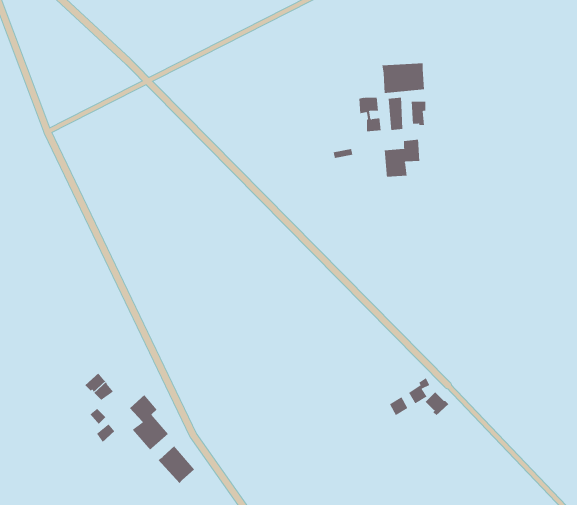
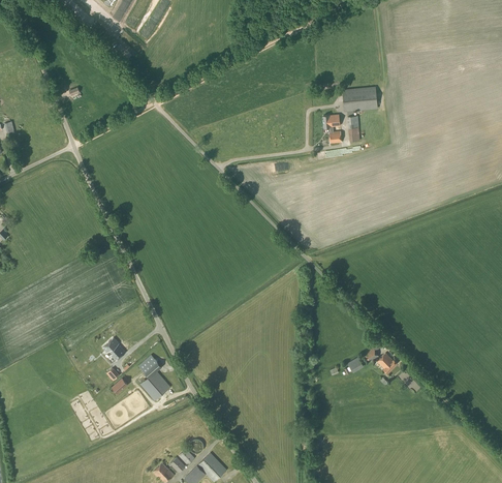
building: [384,139,420,178] -> none
building: [157,446,195,484] -> none

